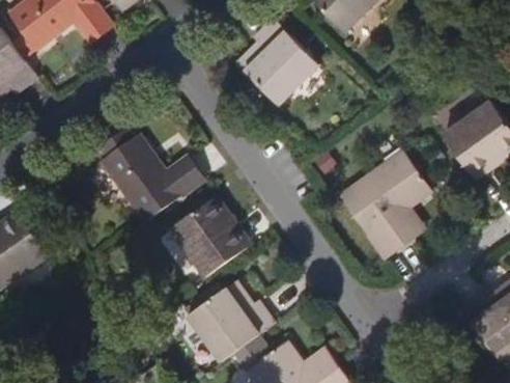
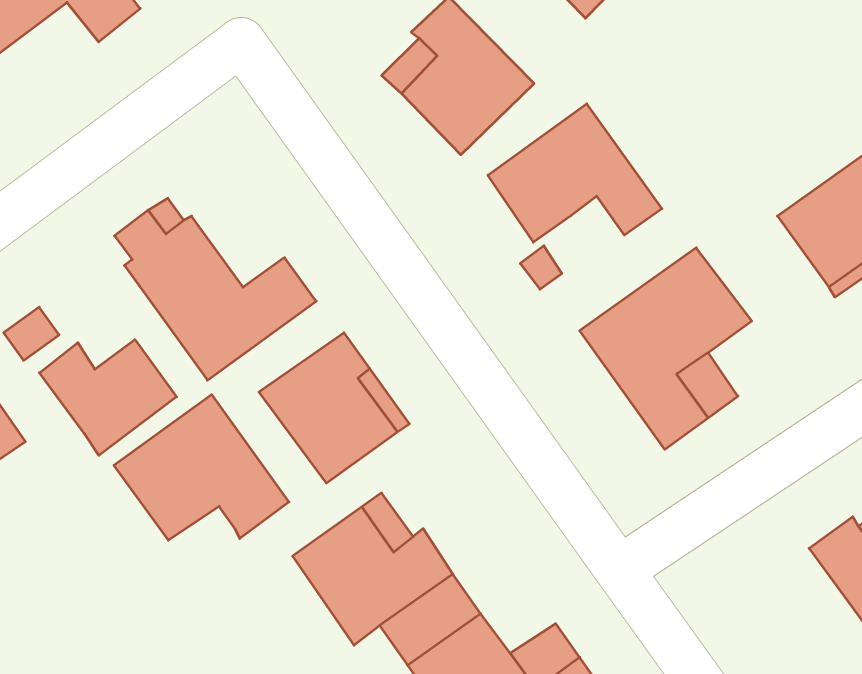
building: none -> [488,104,662,242]
building: none -> [39,340,177,455]
building: none -> [114,395,289,540]

